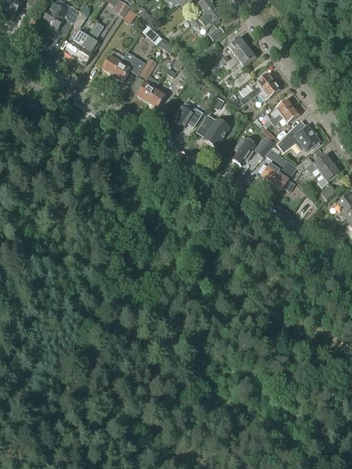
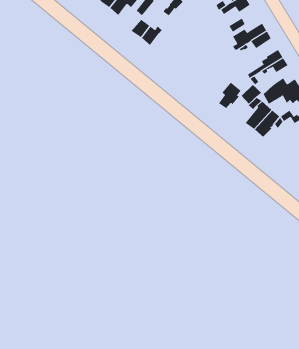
building: [173,103,203,126] -> none
building: [201,114,229,146] -> none

